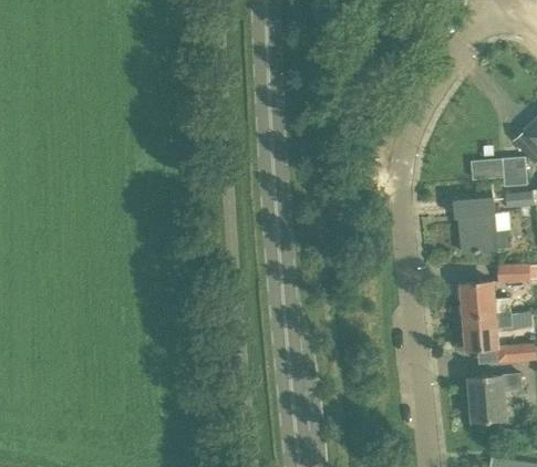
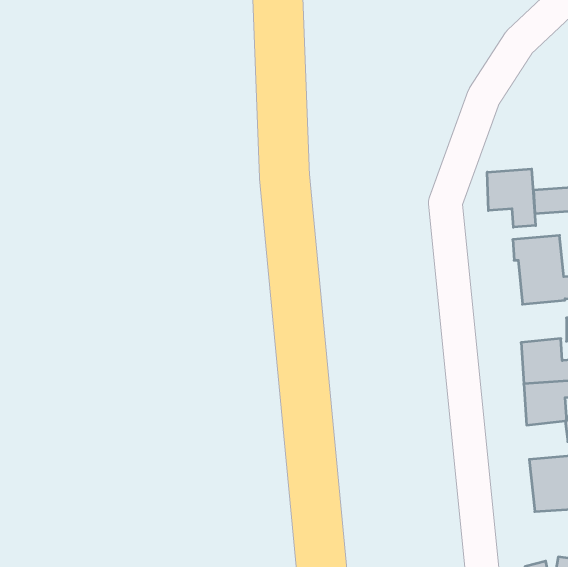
building: none -> [487,169,536,227]

